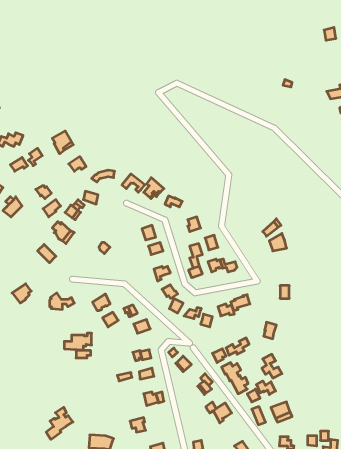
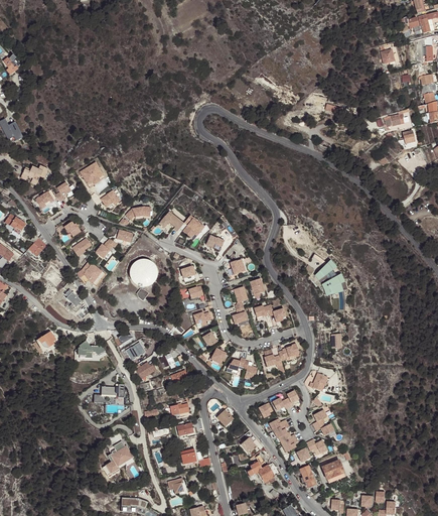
building: none -> [127,256,154,283]
building: [46,407,73,439] -> [104,440,133,476]

